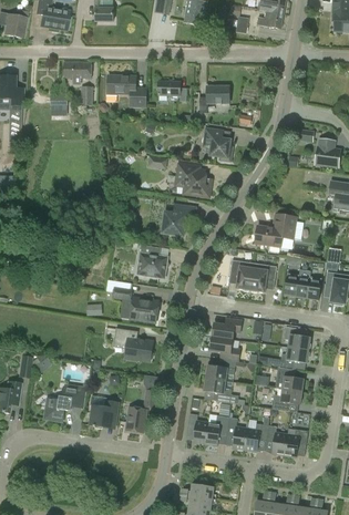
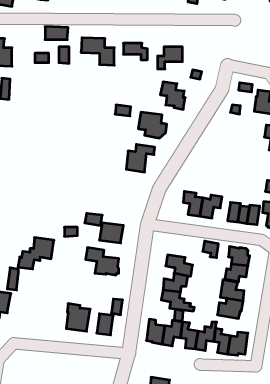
building: [254,213,297,246] -> none
building: [137,246,168,277] -> none
building: [212,316,243,339] -> none
building: [44,382,88,420] -> [18,238,54,269]

